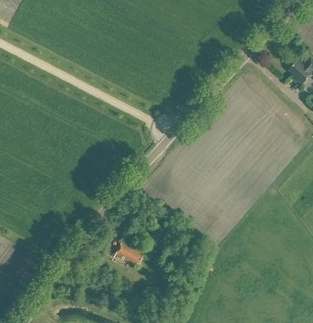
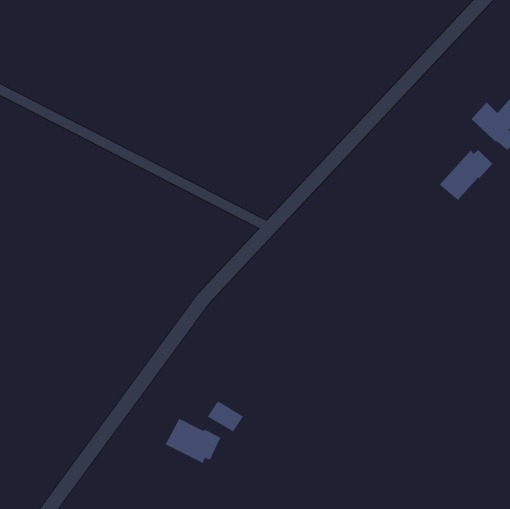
building: none -> [439,149,493,201]

